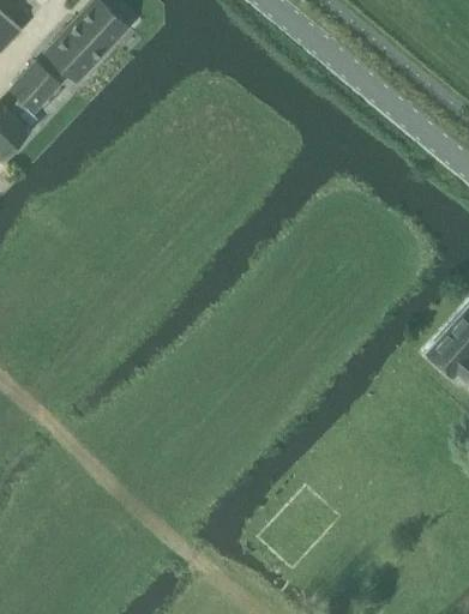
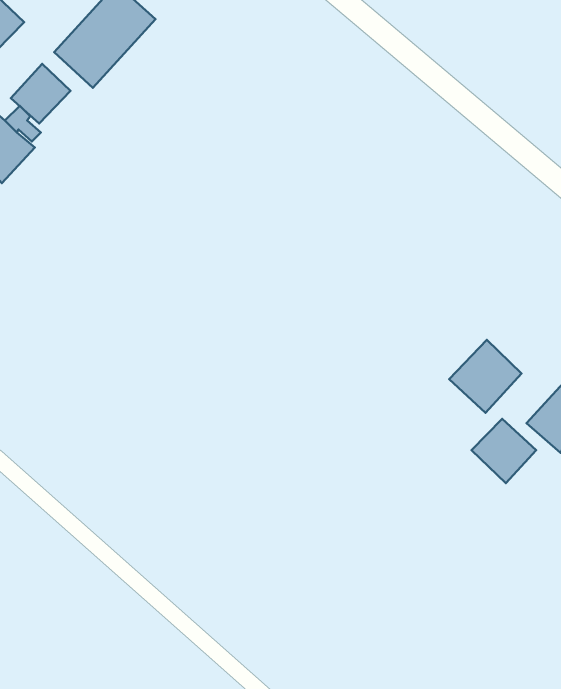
building: none -> [449,340,521,413]
building: none -> [472,419,536,483]

